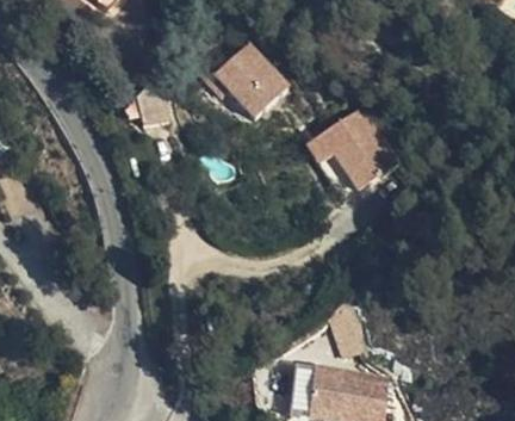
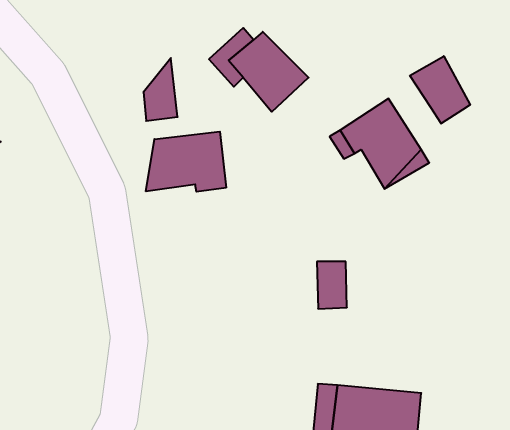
building: none -> [410,56,470,124]
building: none -> [146,132,226,192]
building: [333,312,360,355] -> [317,262,347,309]

